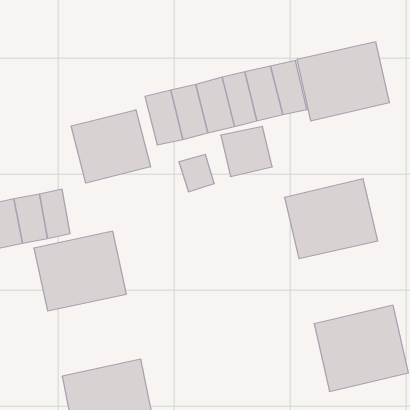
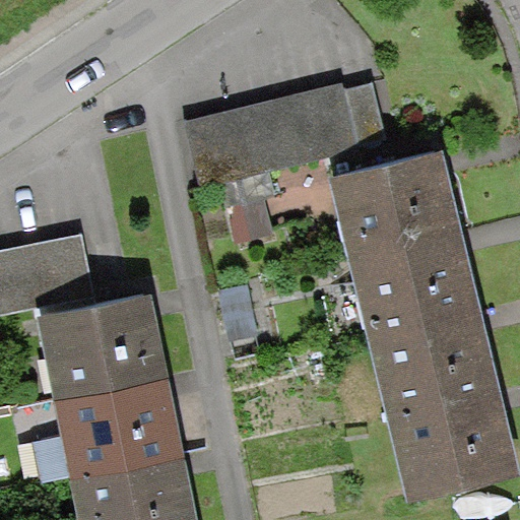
building: [297,42,390,121] -> [341,151,458,251]
building: [71,110,151,183] -> none
building: none -> [377,306,496,410]
building: none -> [60,373,178,476]

